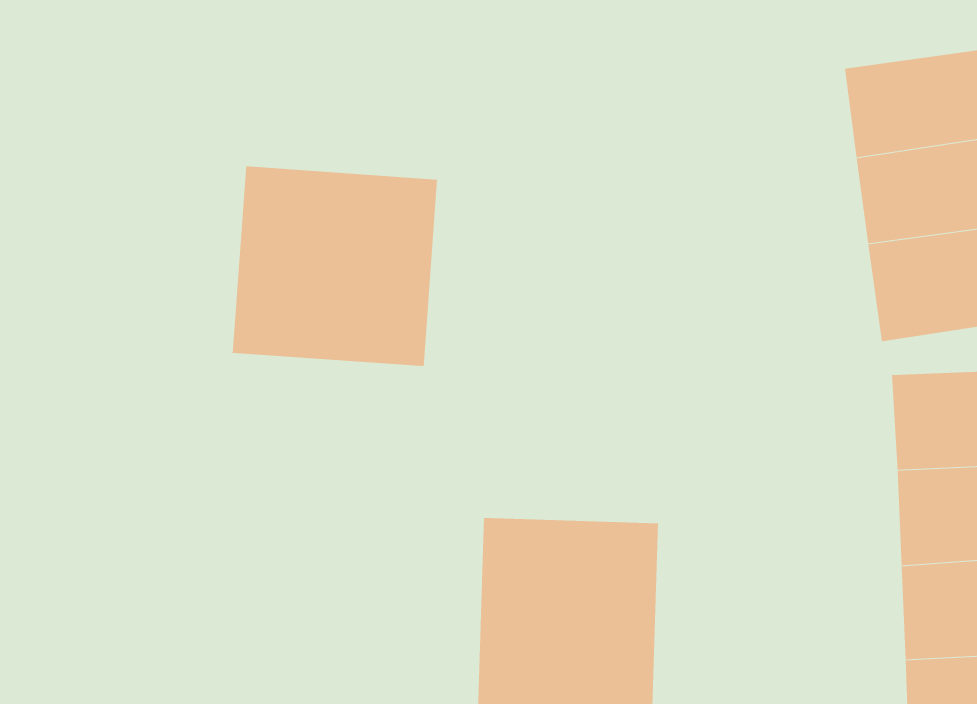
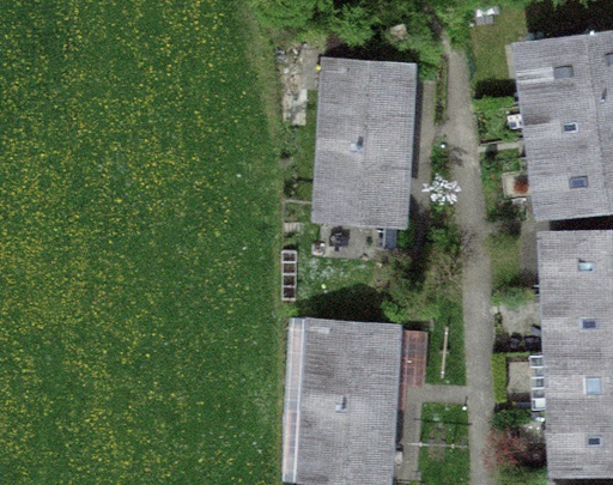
building: none -> [301,57,419,232]
building: [232,166,438,367] -> none

